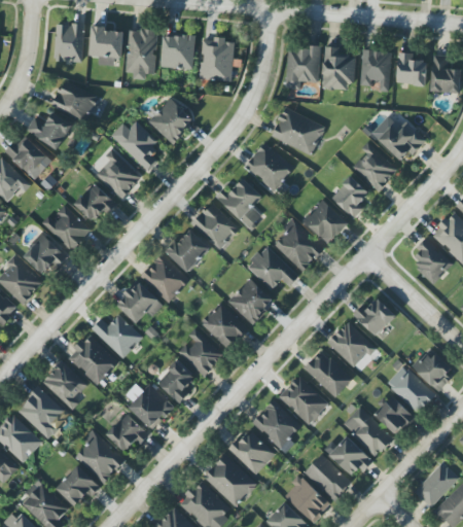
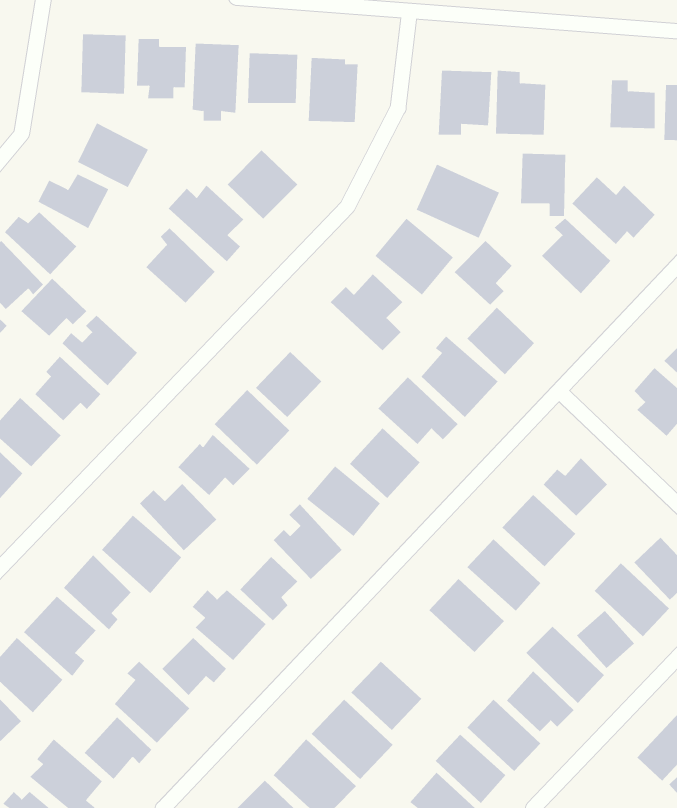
building: [360,50,390,92] -> [520,153,566,217]
building: [330,176,368,218] -> [454,240,513,305]
building: [74,183,117,221] -> [20,278,87,336]
building: [191,203,239,249] -> none
building: [251,399,300,454] -> none

